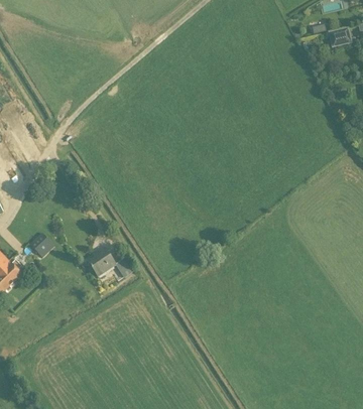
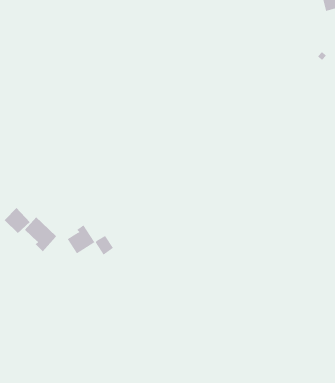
building: none -> [24,217,58,252]

